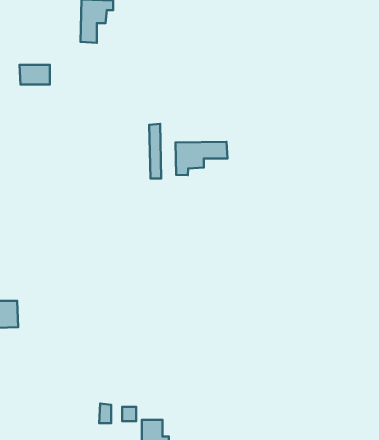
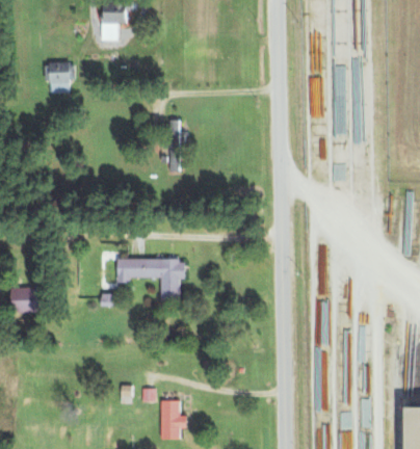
building: [176,142,227,175] -> none
building: none -> [117,259,184,301]

